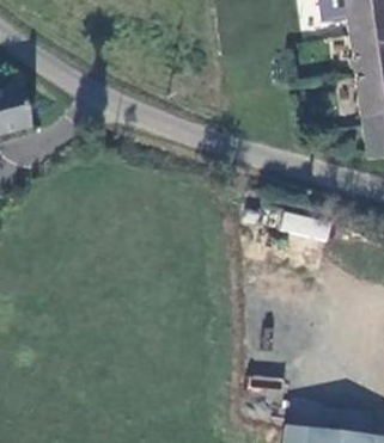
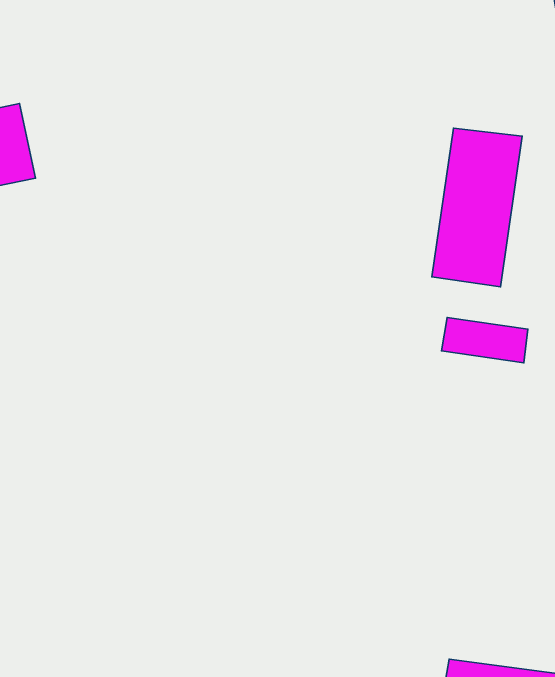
building: none -> [432,128,522,287]

